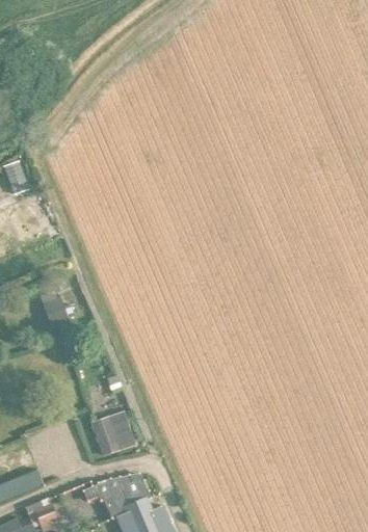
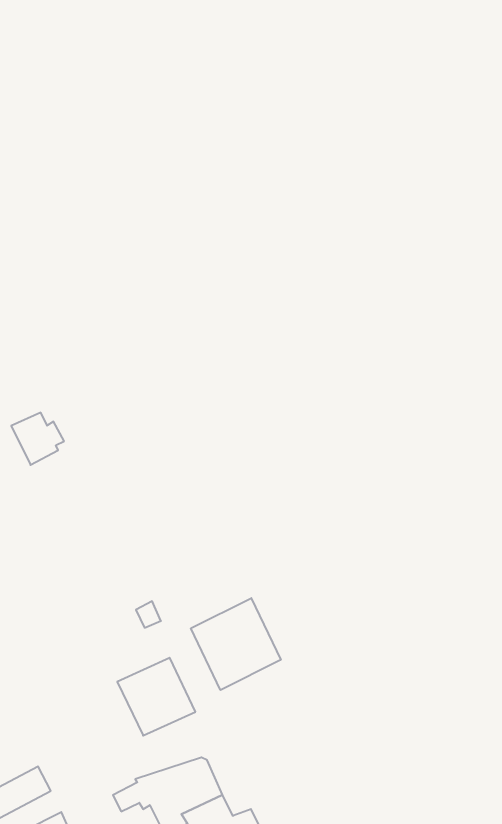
building: [42,297,73,328] -> [11,413,64,465]
building: none -> [191,598,281,690]

